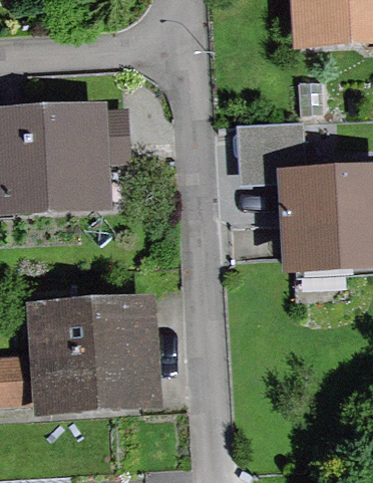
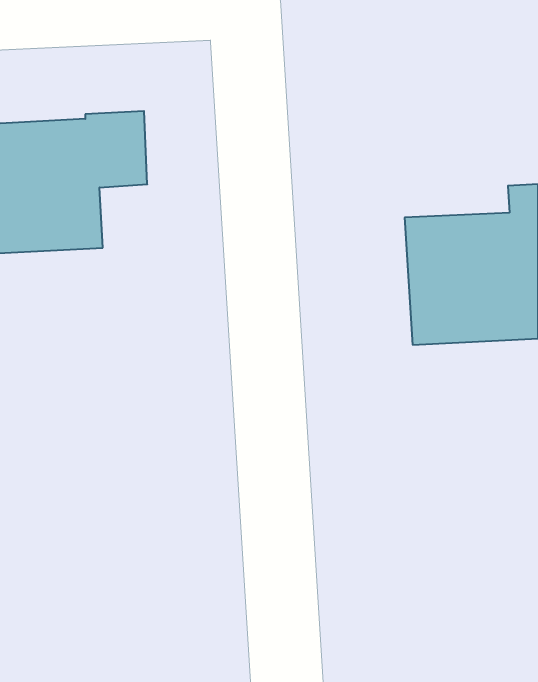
building: [46,316,143,403] -> none

